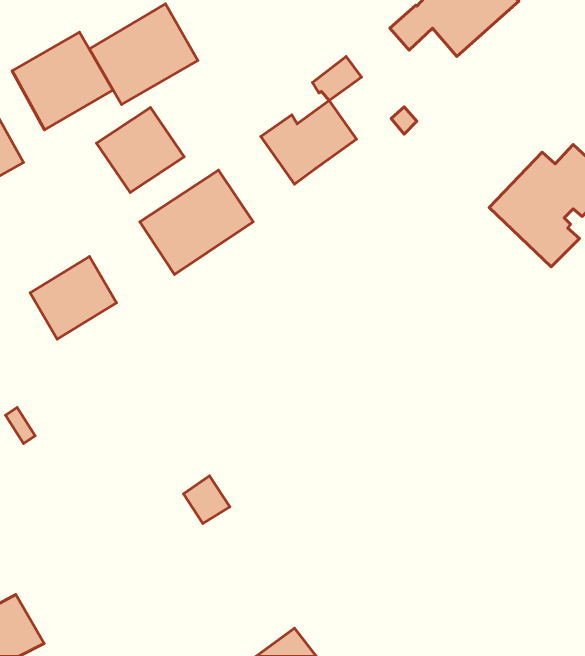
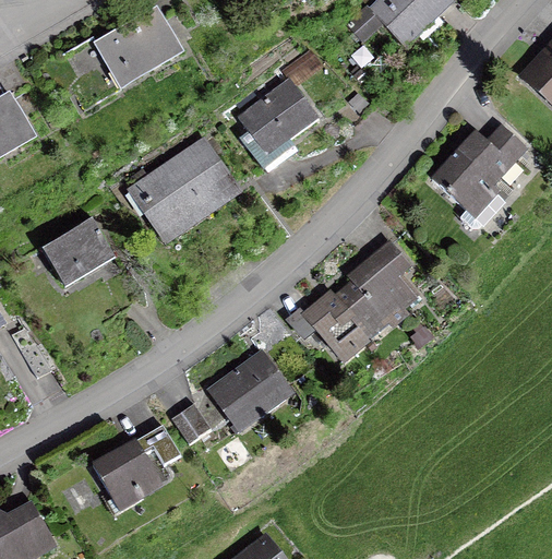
building: [12,32,113,130] -> none
building: [96,108,184,193] -> none
building: none -> [285,239,422,365]
building: none -> [205,347,296,435]
building: none -> [92,424,181,512]

